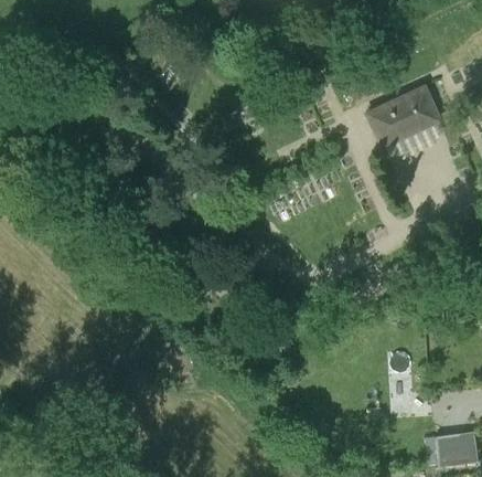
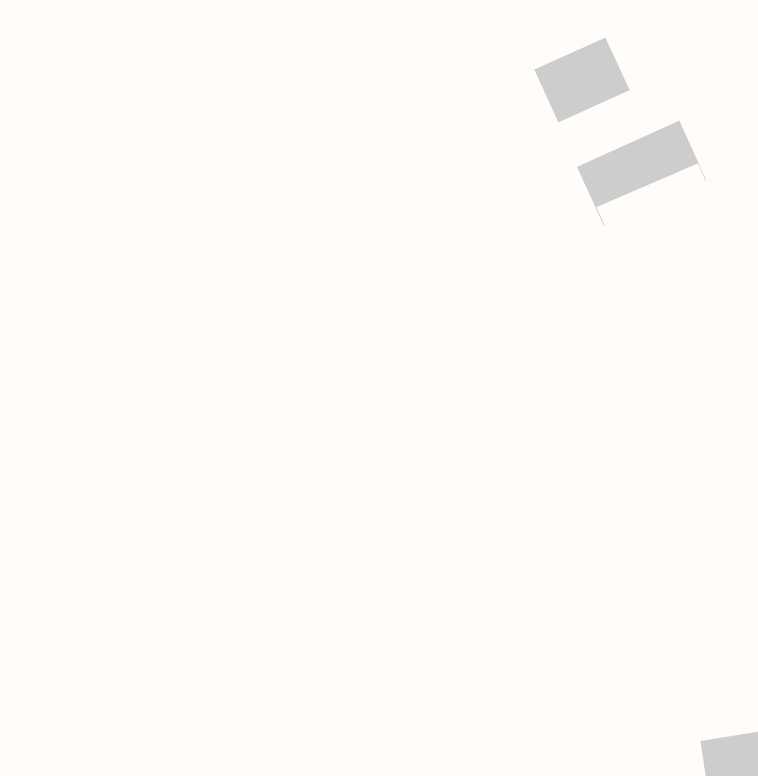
building: none -> [533,36,631,123]

